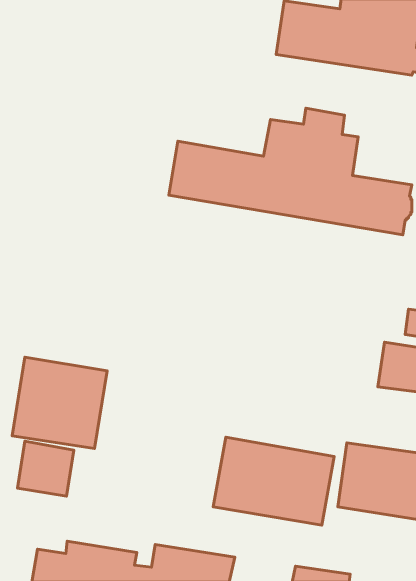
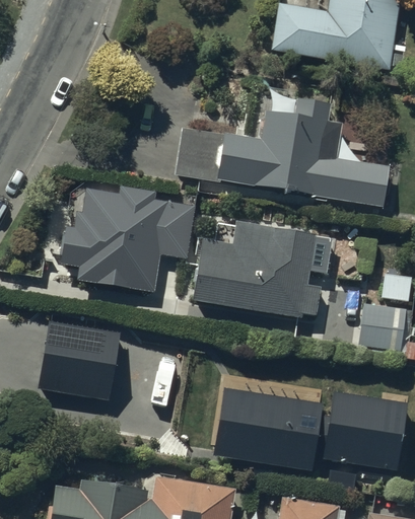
building: none -> [66,191,192,287]
building: none -> [190,219,331,318]
building: [17,441,74,496] -> none

